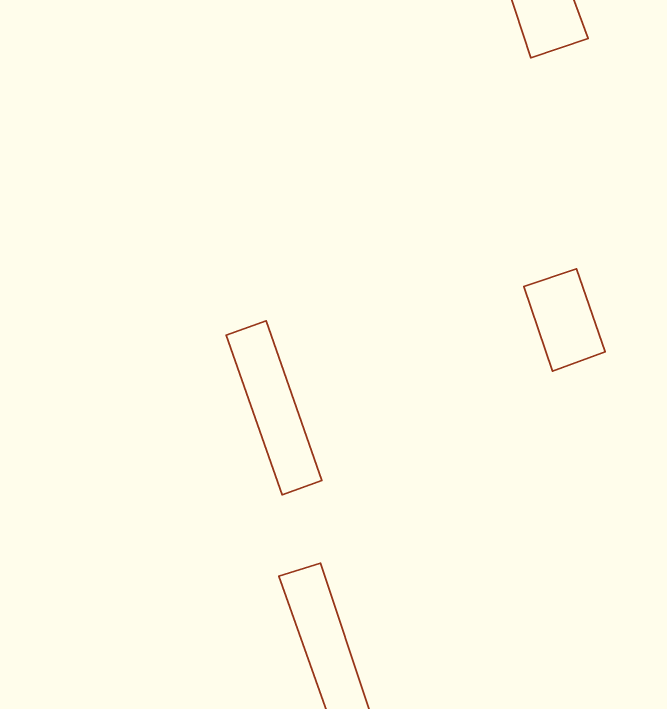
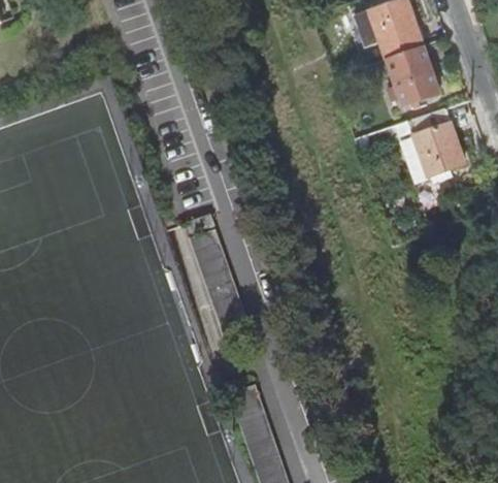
building: none -> [386,46,437,106]
building: [524,269,605,371] -> [409,110,462,176]

